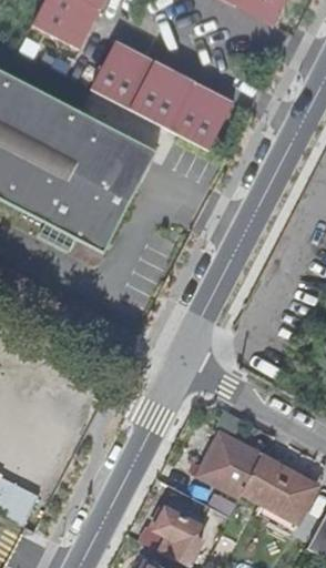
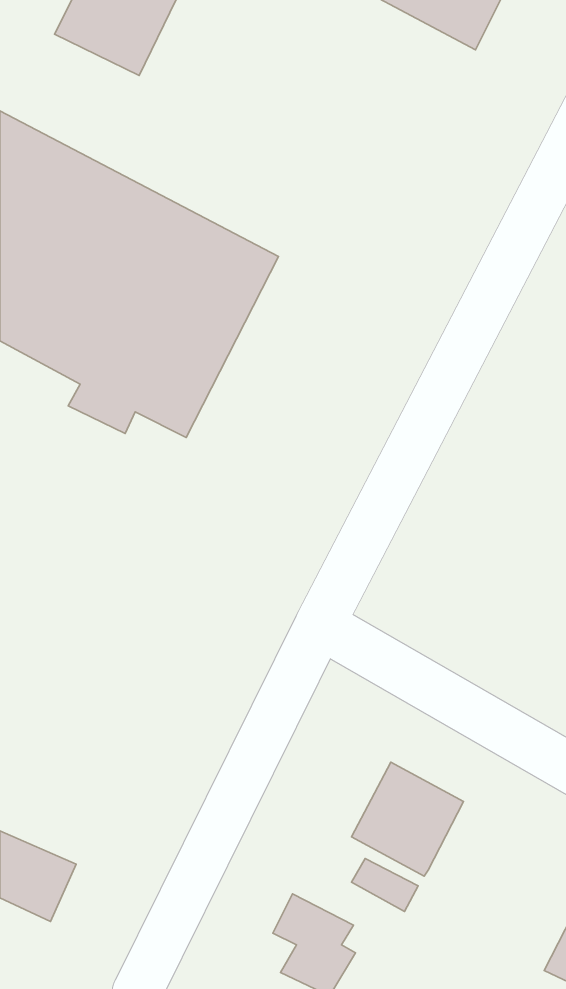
building: [90,39,233,148] -> none
building: [242,456,313,525] -> none

